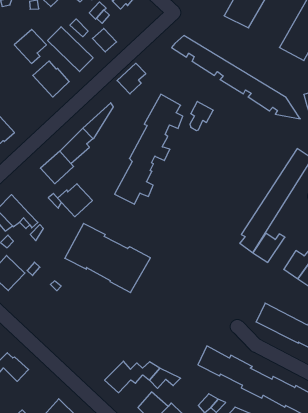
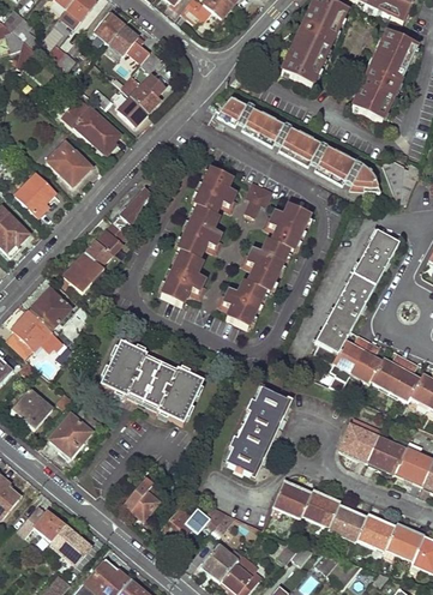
building: [14,29,46,63] -> [16,174,55,216]
building: [117,63,146,94] -> [131,74,166,113]
building: none -> [217,211,309,337]
building: [58,184,92,217] -> [30,290,73,331]
building: none -> [351,341,384,383]
building: none -> [227,387,289,474]
building: none -> [46,409,94,458]
building: none -> [124,477,164,518]
building: none -> [43,524,90,563]

